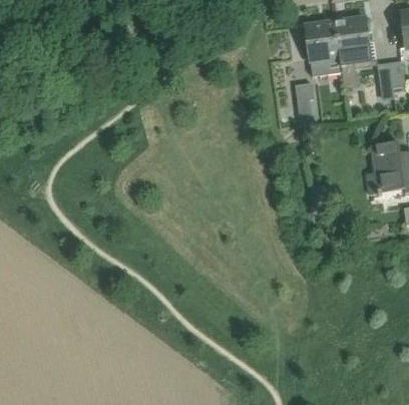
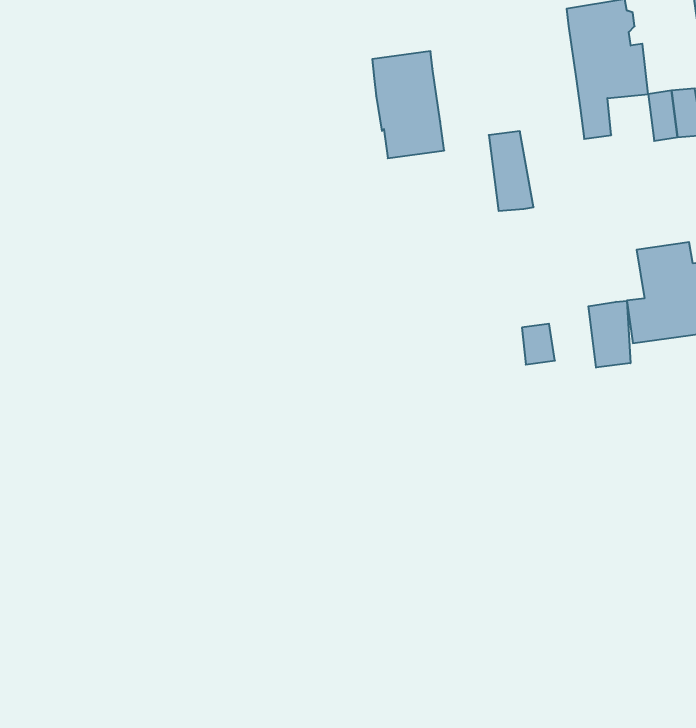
building: [305,20,342,75] -> [372,51,444,158]
building: none -> [588,301,630,368]

